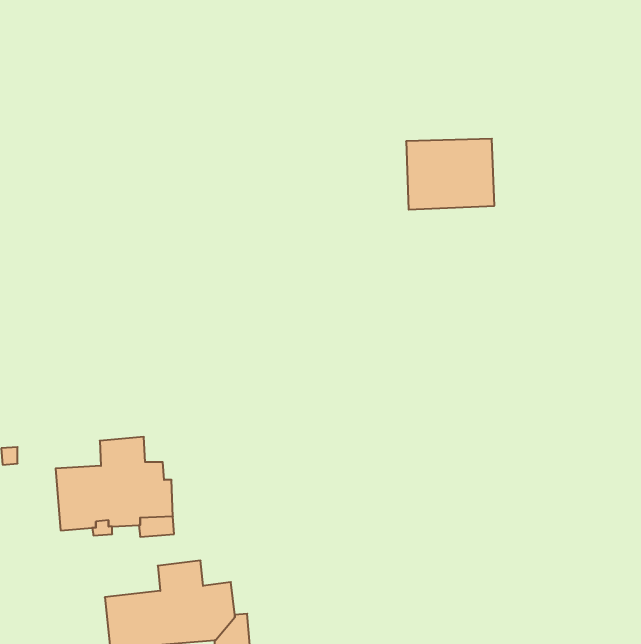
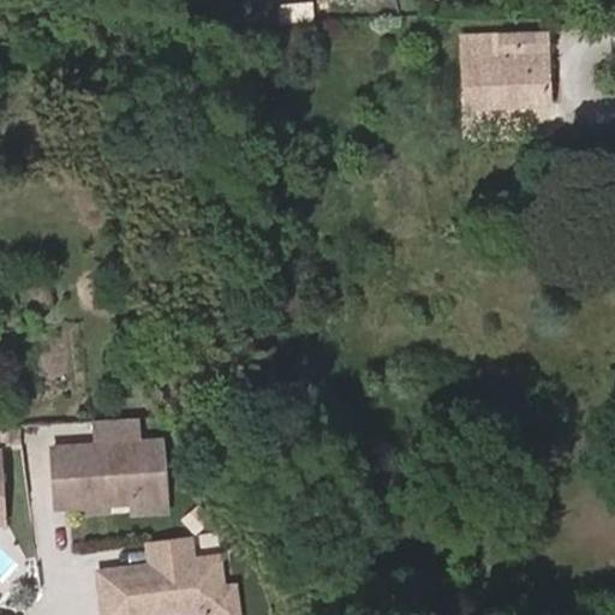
building: [406,139,494,210] -> [461,41,545,108]

